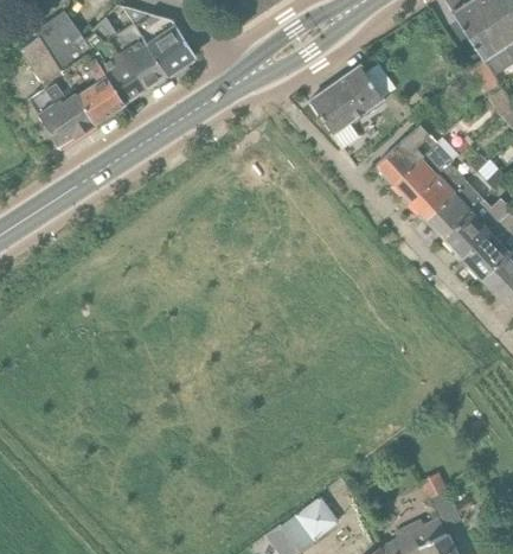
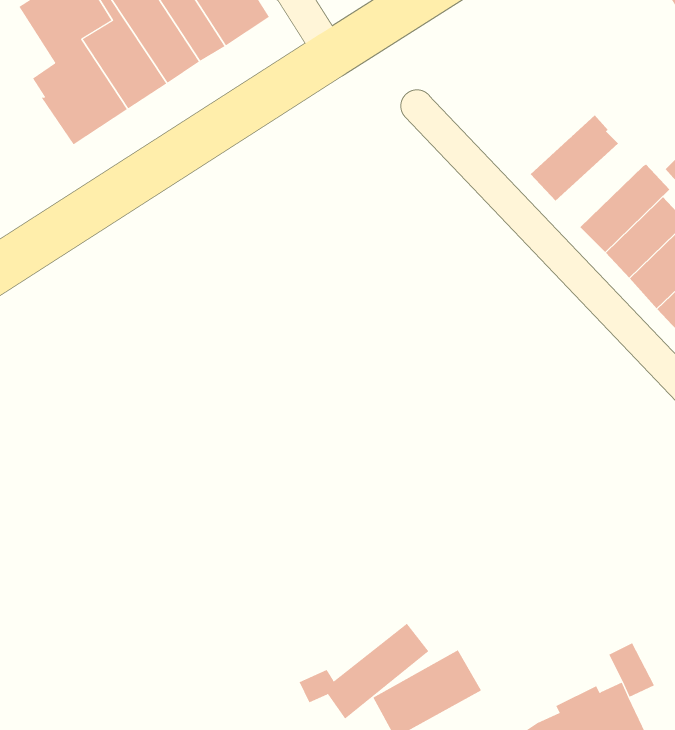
building: [309,66,385,141] -> none
building: [393,142,454,202] -> none
building: none -> [299,623,429,719]

